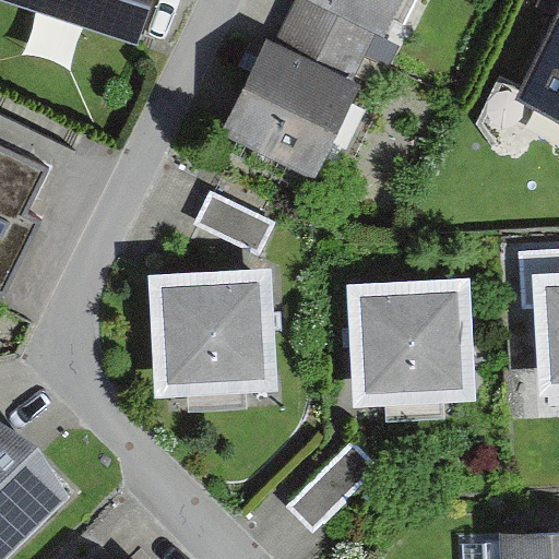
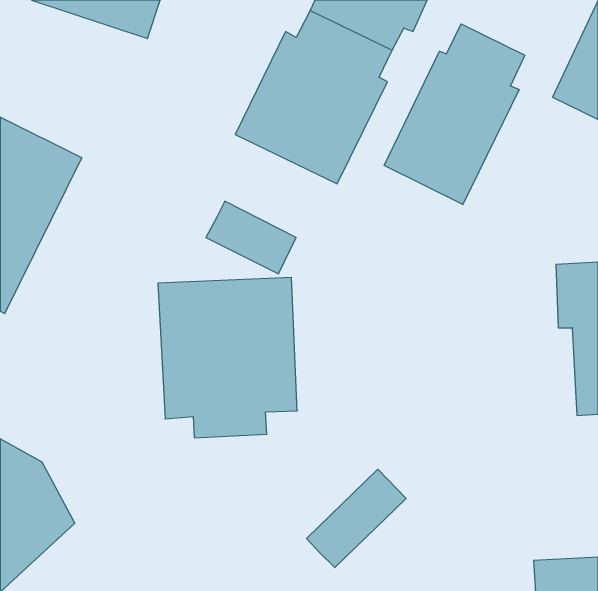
building: none -> [384,24,525,205]
building: [347,275,477,425] -> none

